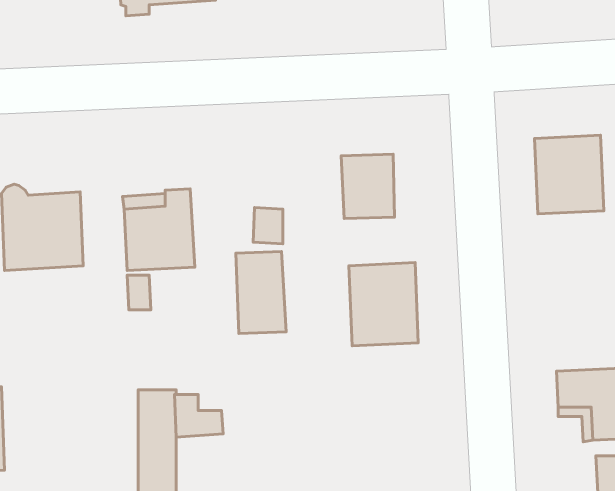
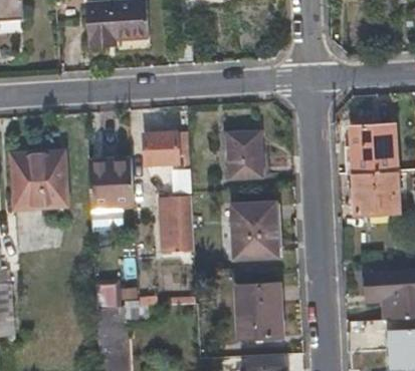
building: none -> [146,134,178,164]
building: none -> [354,170,399,212]
building: none -> [236,285,282,338]

